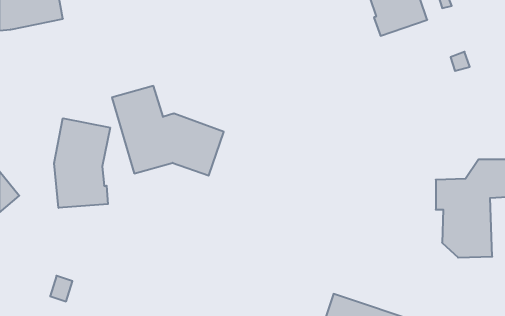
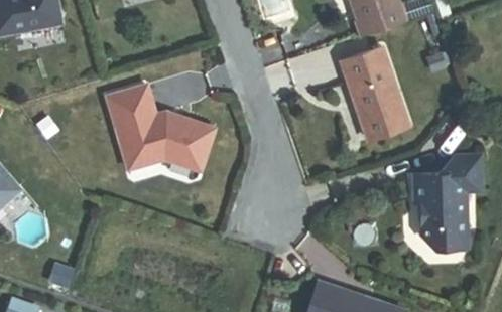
building: none -> [341,47,407,139]
building: [54,118,110,208] -> none

